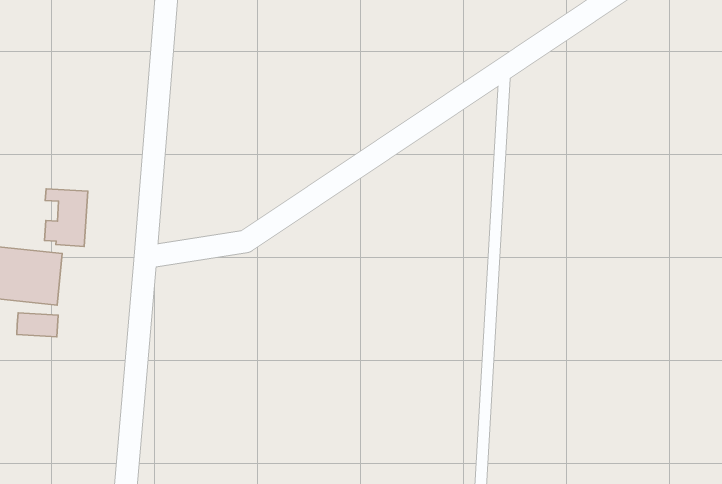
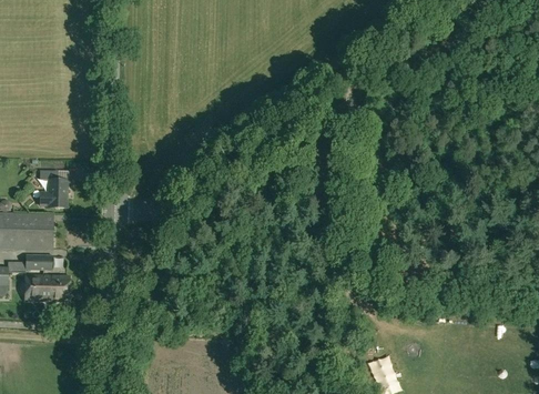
building: none -> [24,276,70,302]

